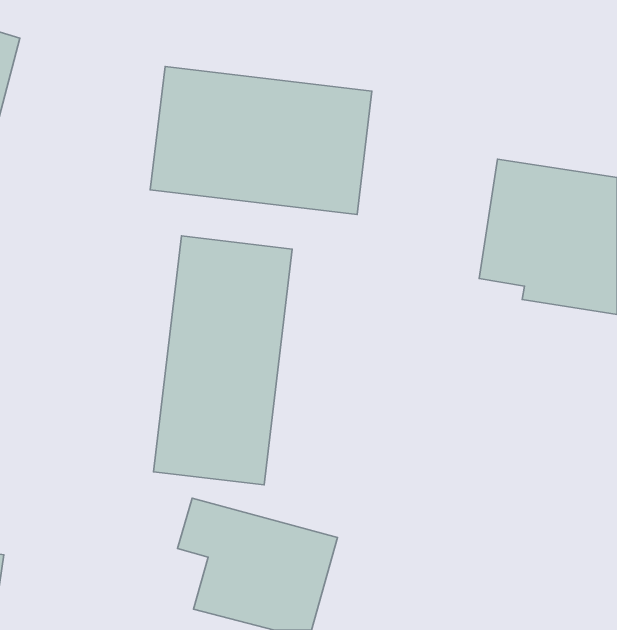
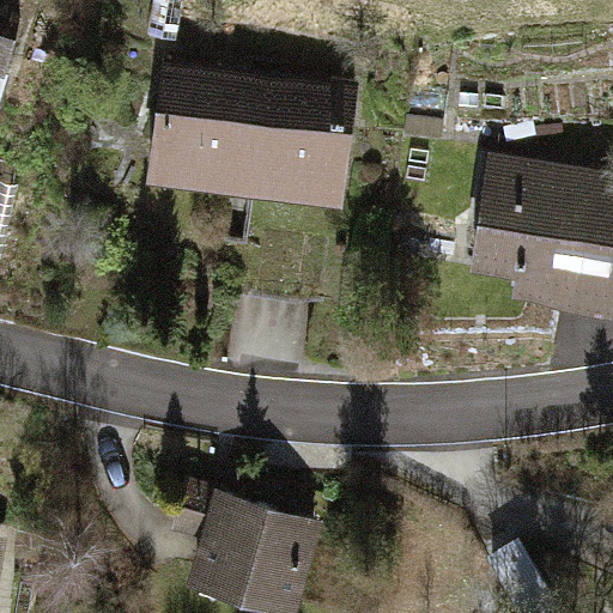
building: [153,236,292,485] -> none

